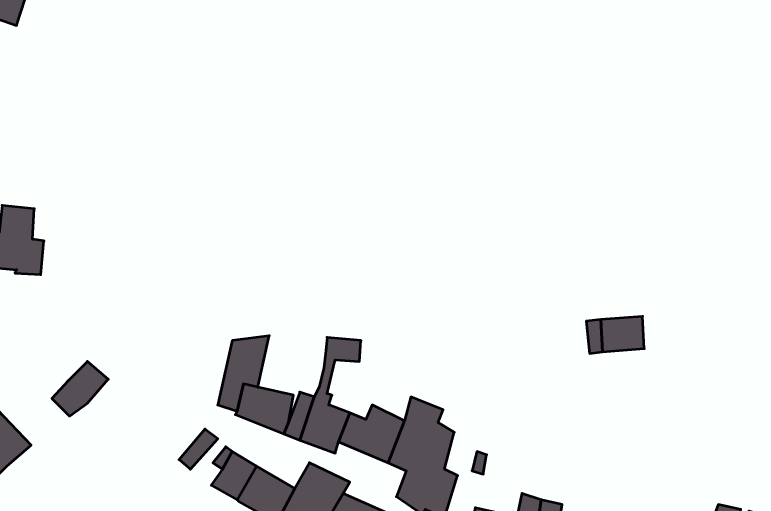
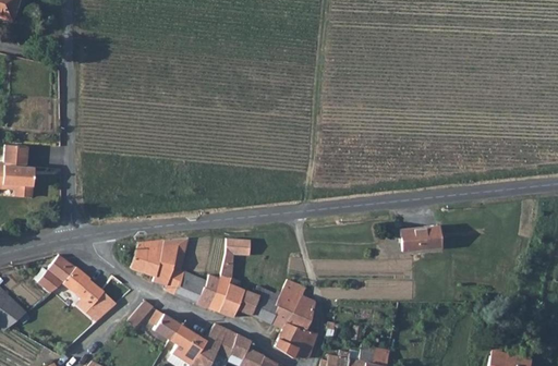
building: none -> [130,240,162,279]
building: none -> [64,266,114,321]

